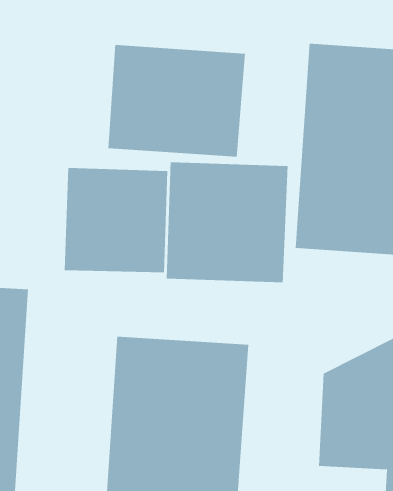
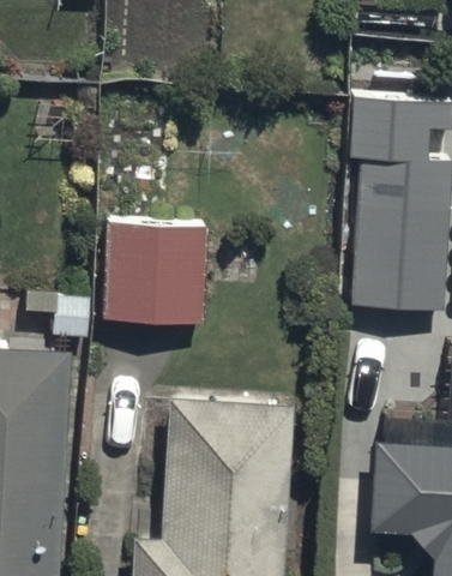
building: [108,44,246,158] -> none
building: [166,161,288,283] -> none

